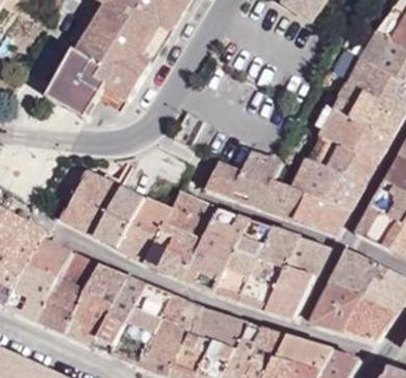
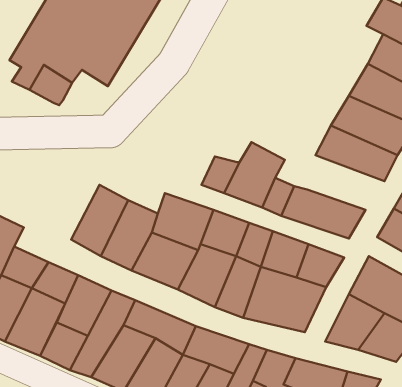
building: [301,163,368,208] -> none
building: [66,171,121,234] -> none

